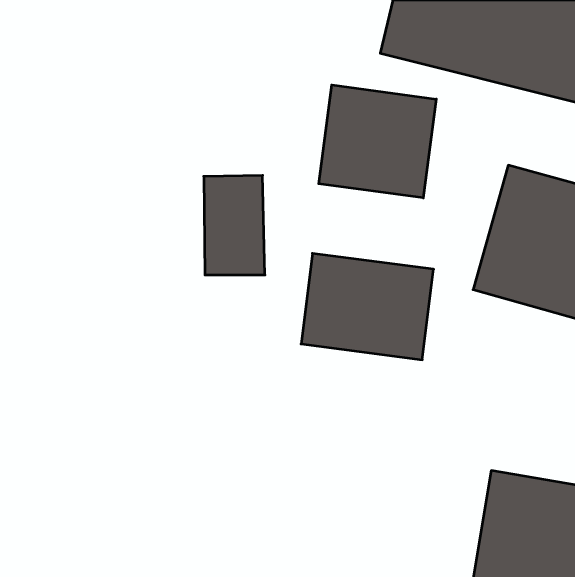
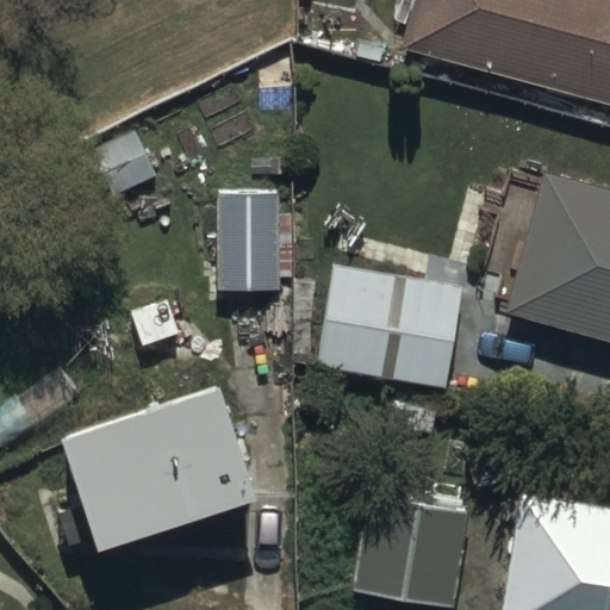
building: [319,85,436,198] -> none
building: none -> [48,388,255,553]
building: none -> [356,487,469,604]

